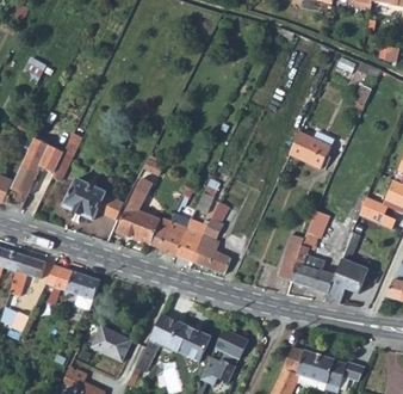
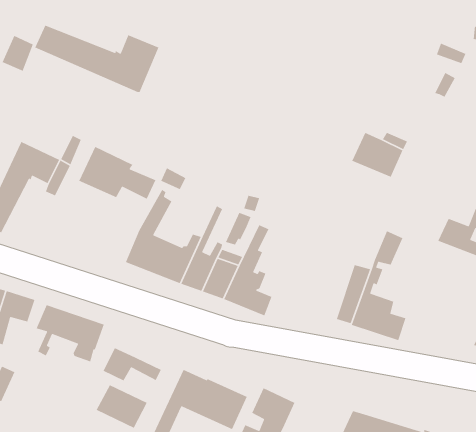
building: none -> [34,24,160,93]
building: [63,178,124,220] -> [78,146,157,200]
building: [323,232,366,303] -> none
building: none -> [102,347,162,382]

